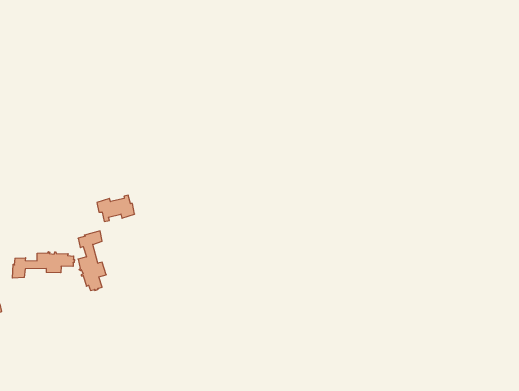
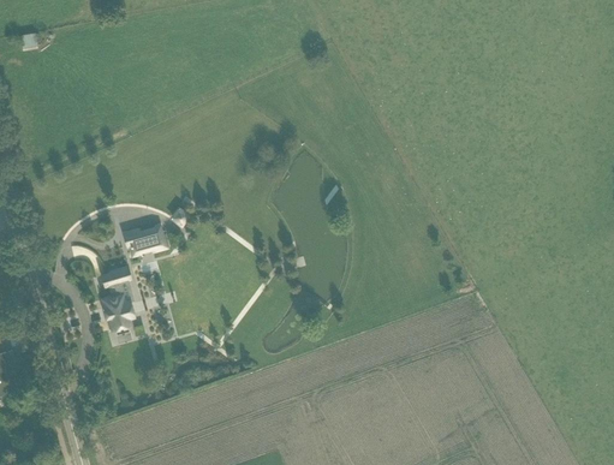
building: [13,252,75,278] -> none

